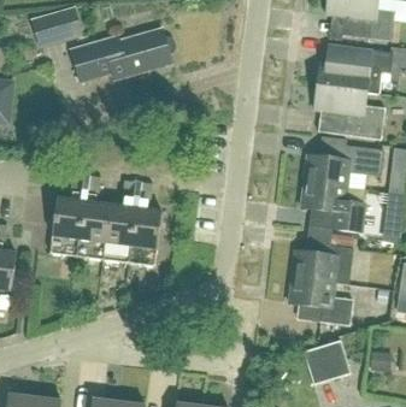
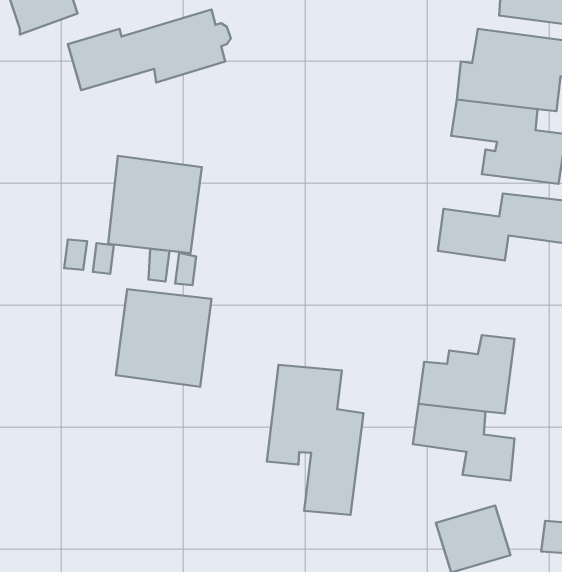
building: [300,181,364,231] -> none
building: [49,197,108,259] -> [108,156,202,253]
building: none -> [267,365,363,515]

